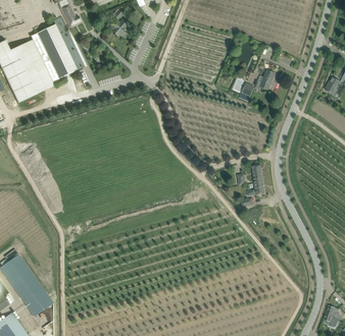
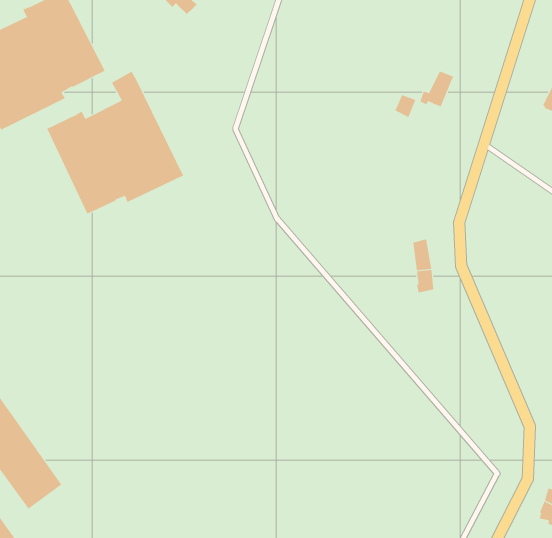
building: none -> [46,71,184,215]

